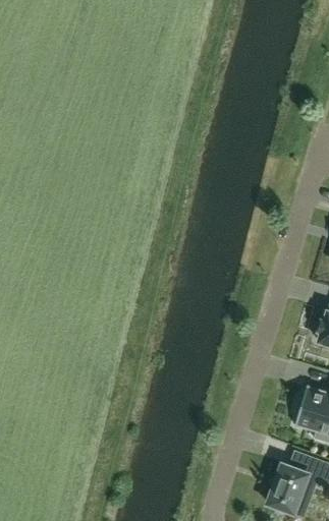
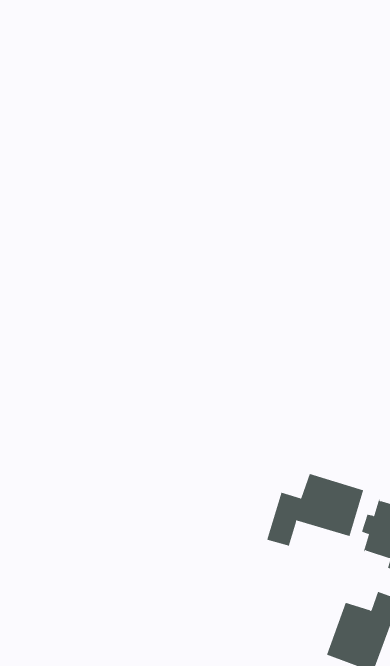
building: none -> [267,473,364,547]

